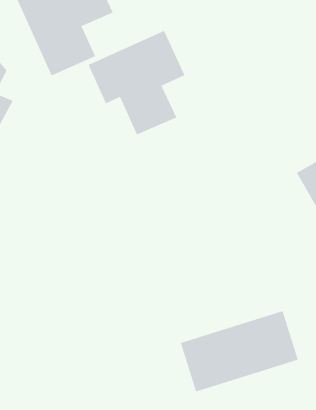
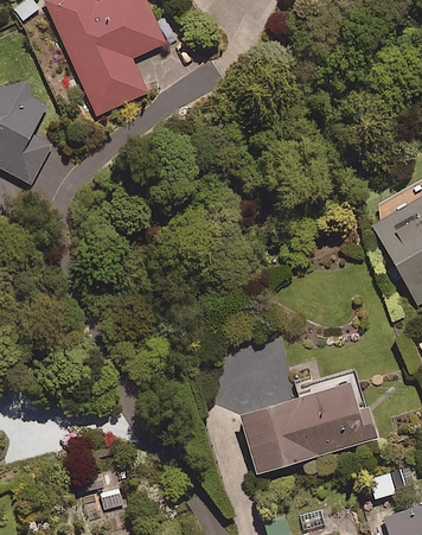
building: [88,30,185,135] -> none

